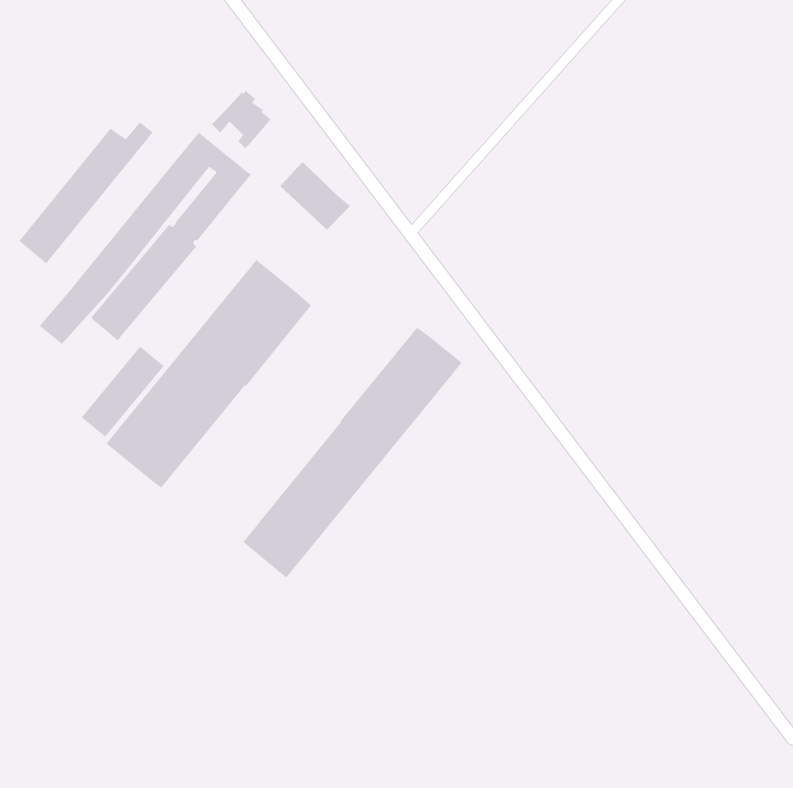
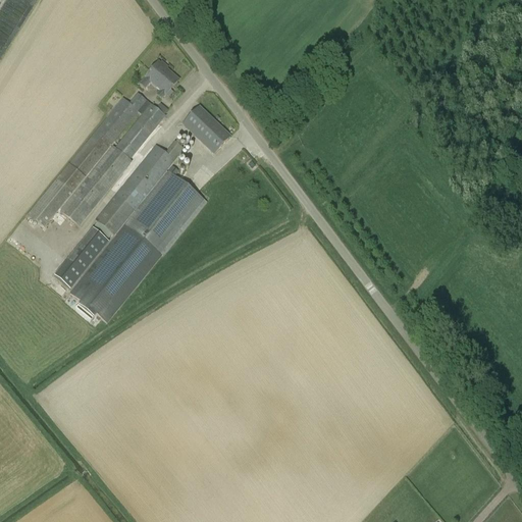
building: [19,121,154,264] -> [95,141,184,234]
building: [243,327,462,579] -> none

